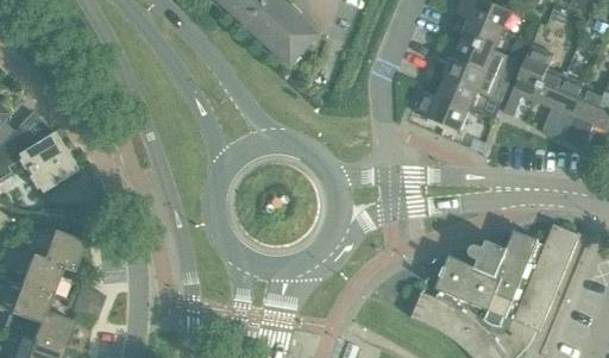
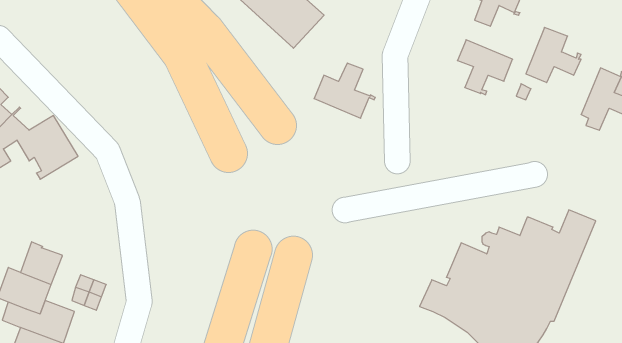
building: [454,23,508,75] -> none
building: [533,70,585,133] -> none
building: [414,76,473,130] -> [314,63,375,118]
building: [42,228,84,270] -> none

